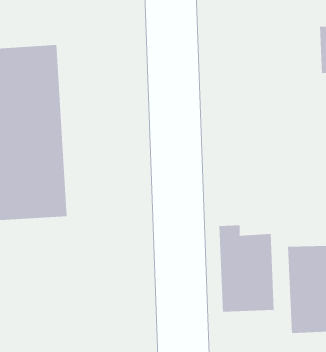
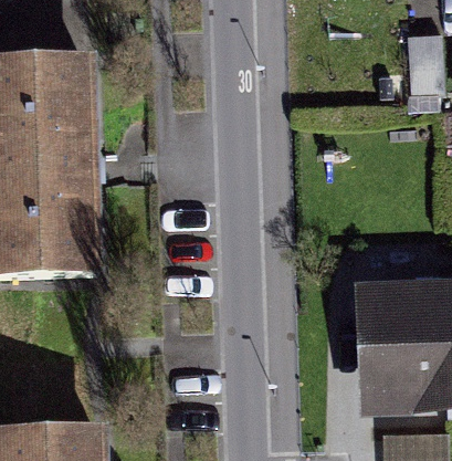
building: [219,224,274,313] -> none

